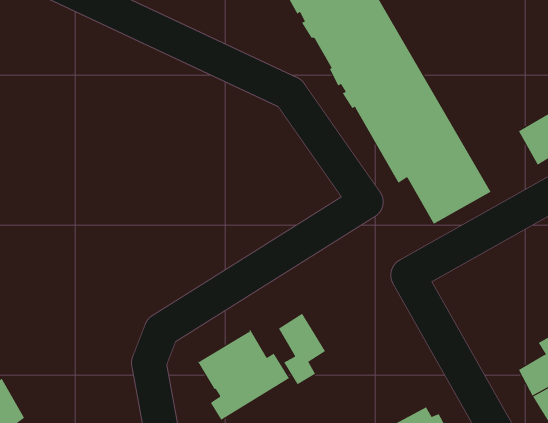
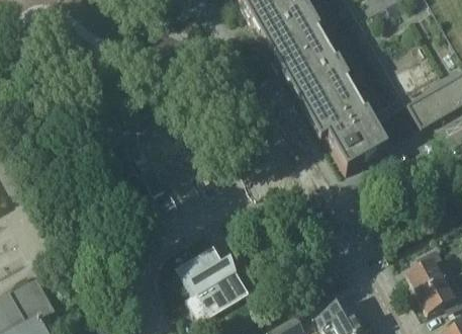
building: [278,313,326,385] -> none

